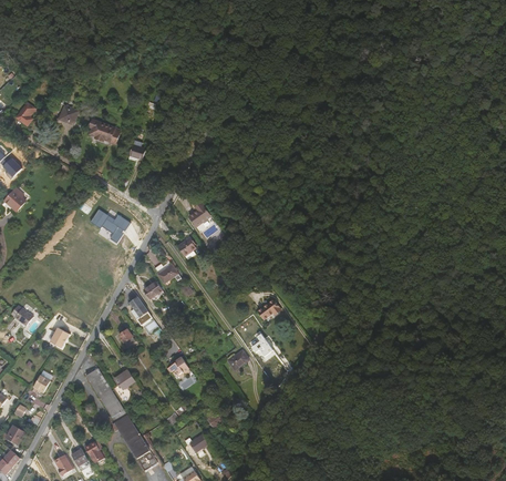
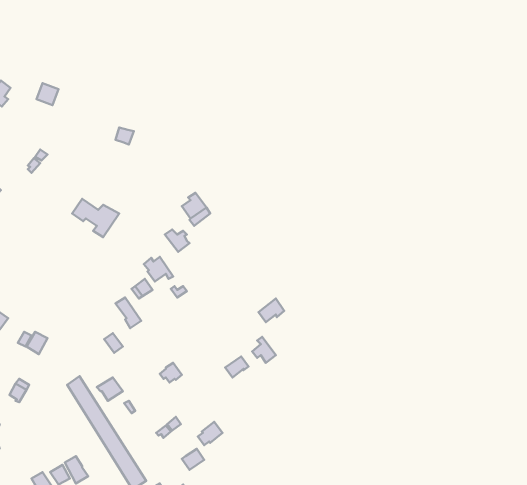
building: [89,119,120,144] -> none

